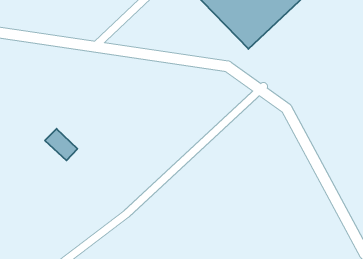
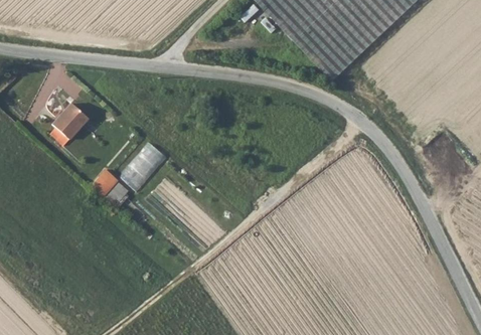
building: none -> [45,107,78,141]
building: none -> [118,146,165,194]

